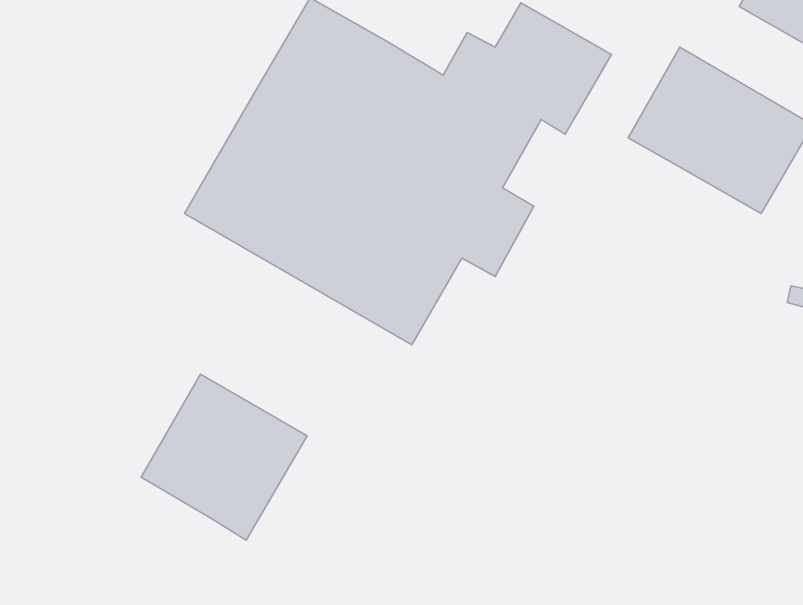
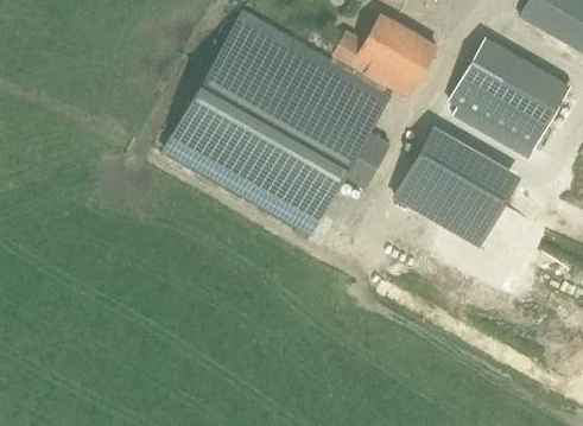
building: none -> [399,132,514,235]
building: [141,374,307,540] -> none

